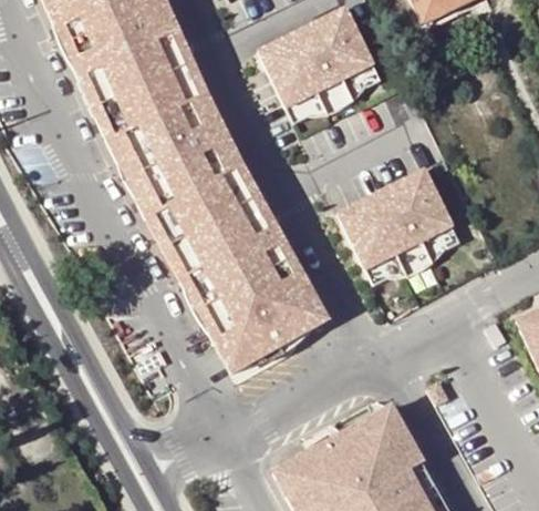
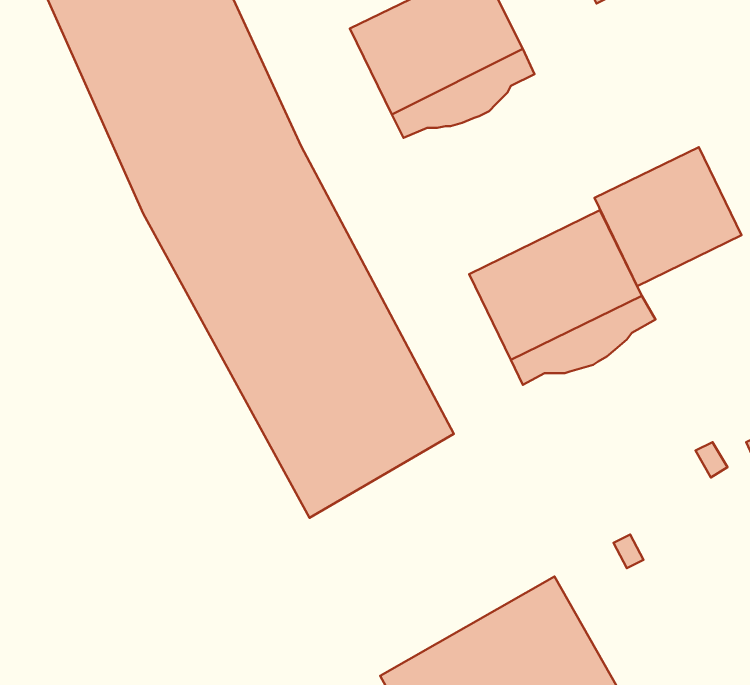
building: none -> [594,147,742,286]

